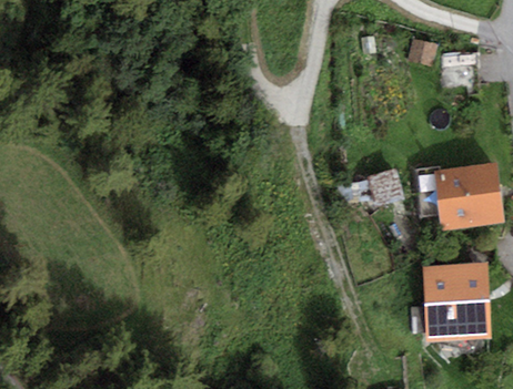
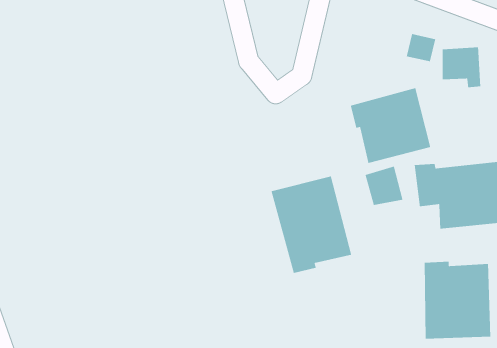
building: none -> [350,87,431,164]
building: none -> [270,175,352,274]

